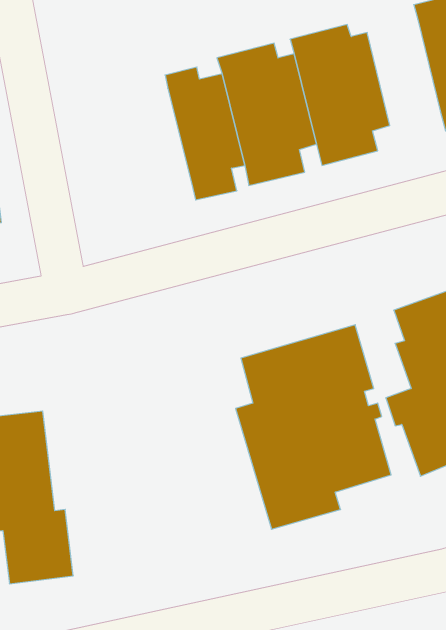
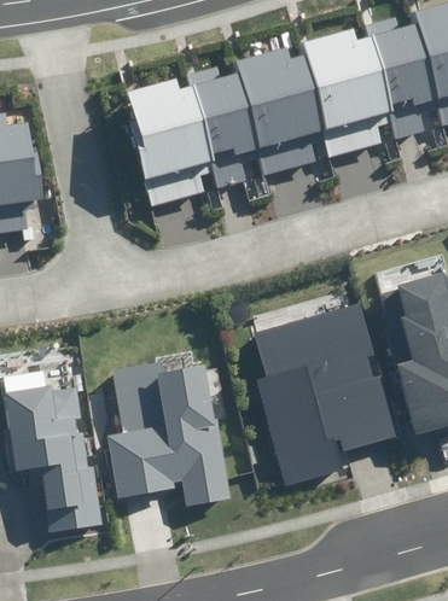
building: none -> [368,16,438,136]
building: none -> [127,78,213,204]
building: none -> [106,362,235,508]

